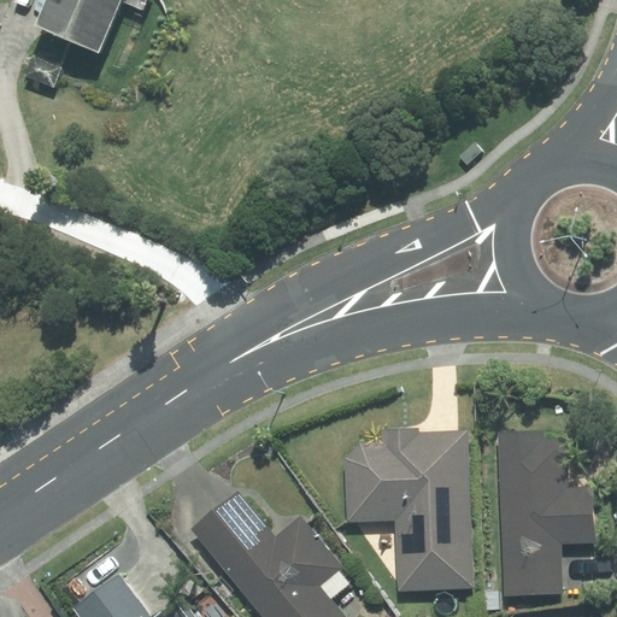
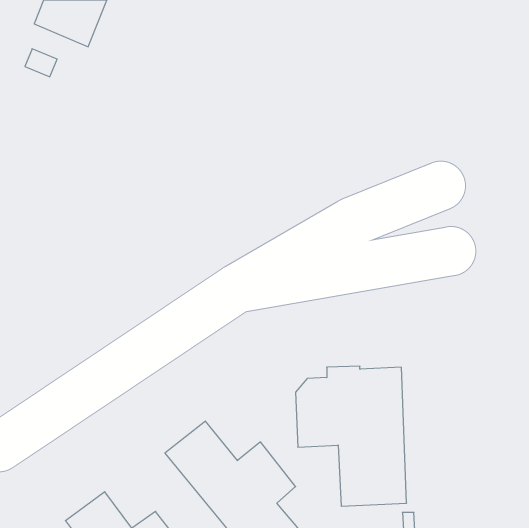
building: [496,431,594,597] -> none

